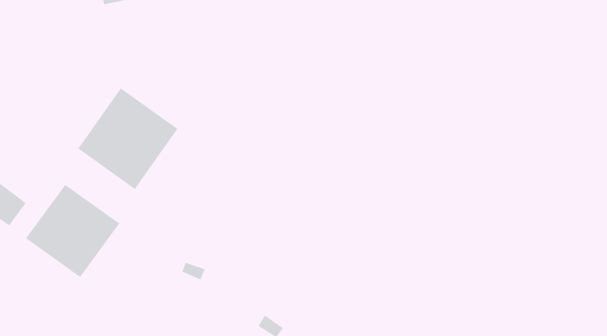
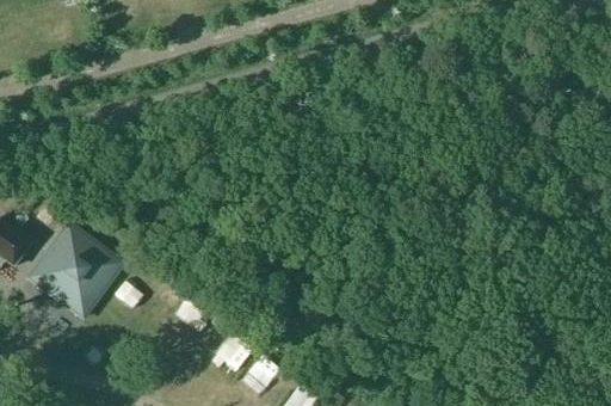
building: [77,87,178,190] -> none

